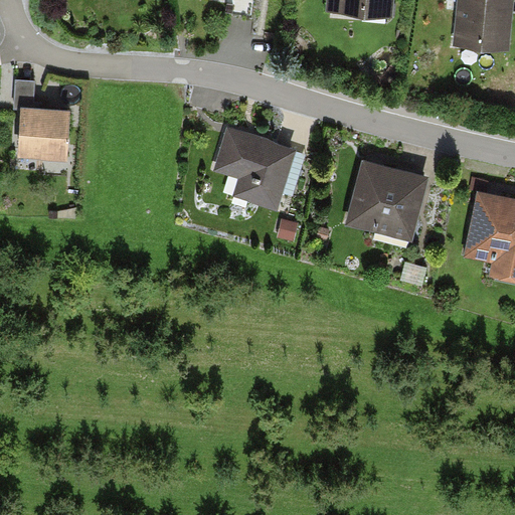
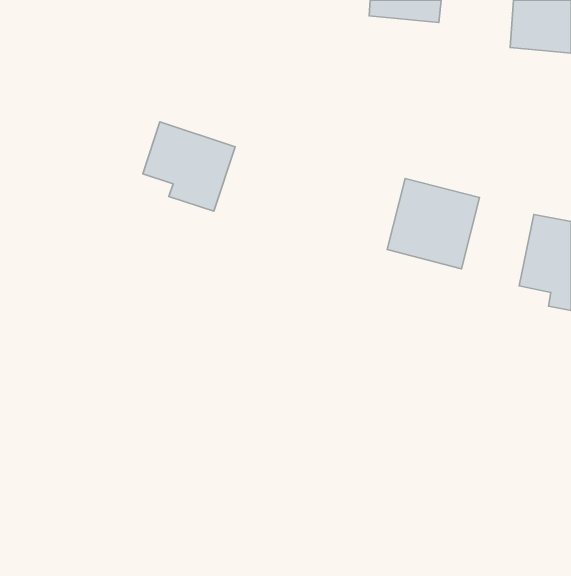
building: [18,107,69,159] -> none
building: [213,127,296,206] -> [143,122,235,211]

